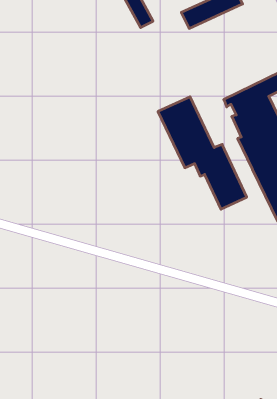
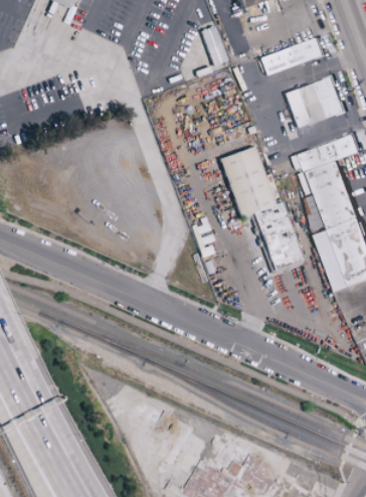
building: none -> [285,75,345,127]

